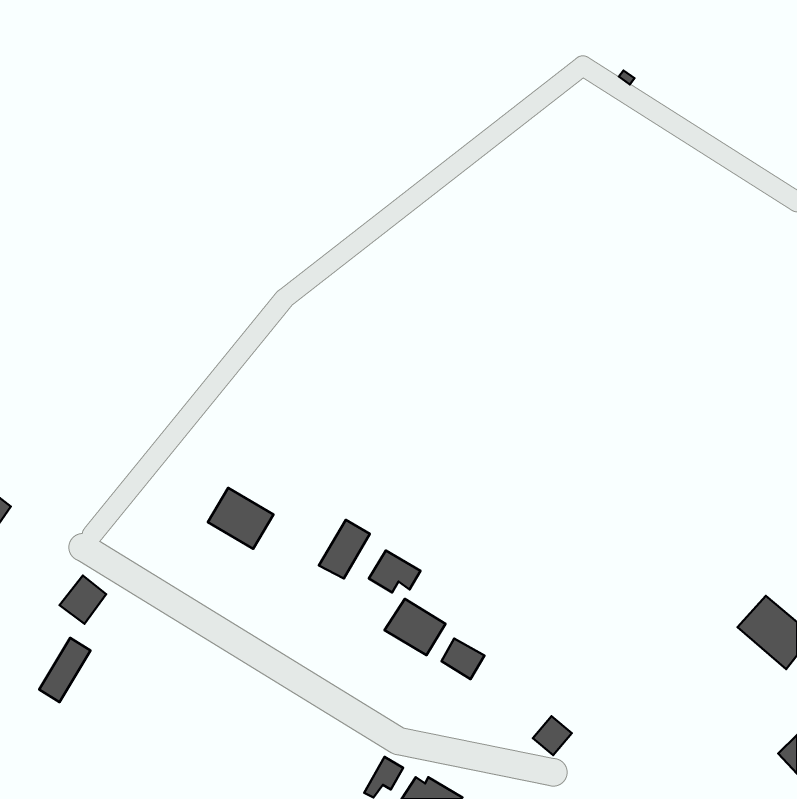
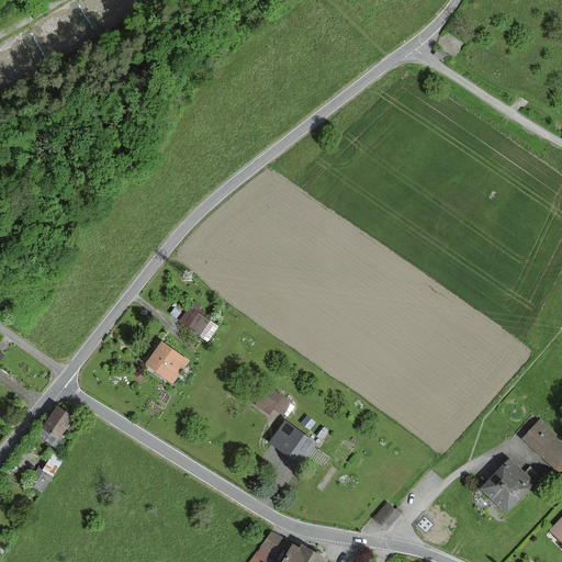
building: none -> [181,308,214,339]
building: [319,520,370,579] -> none
building: [442,638,485,679] -> none
building: none -> [476,457,533,515]

